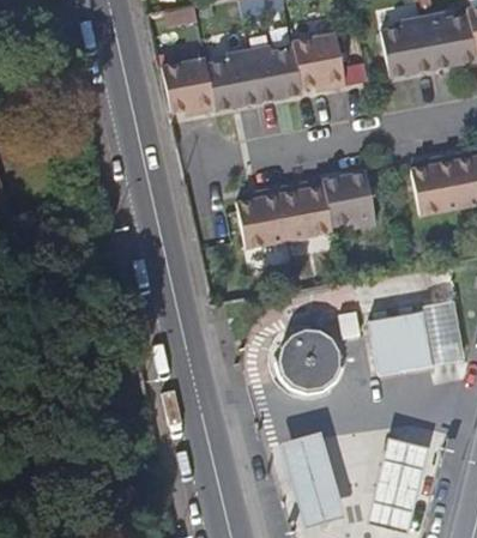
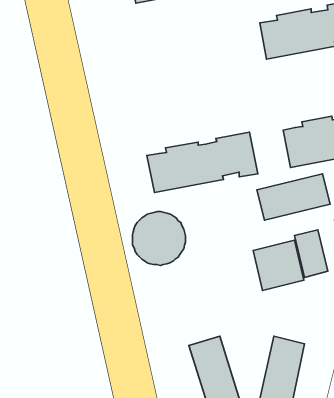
building: [158,34,344,115] -> none
building: none -> [257,174,330,220]
building: [278,320,346,389] -> [132,211,186,266]

